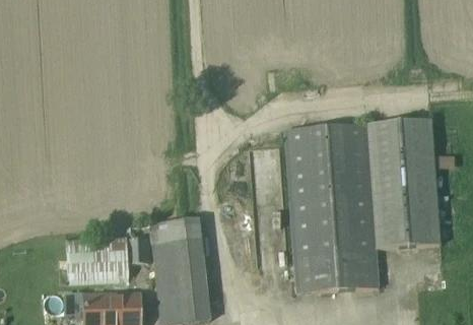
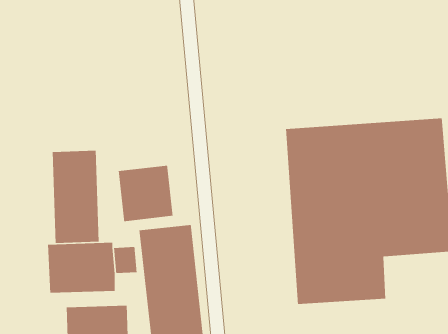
building: none -> [52,150,99,244]
building: none -> [118,165,174,222]

